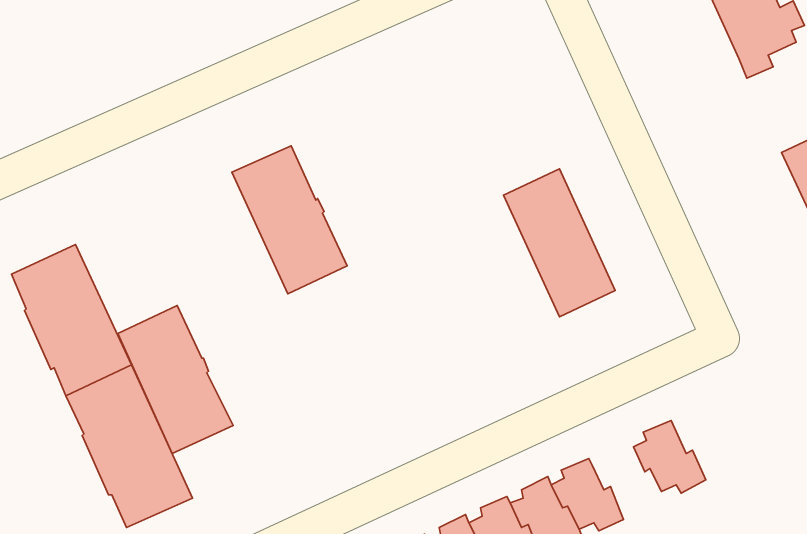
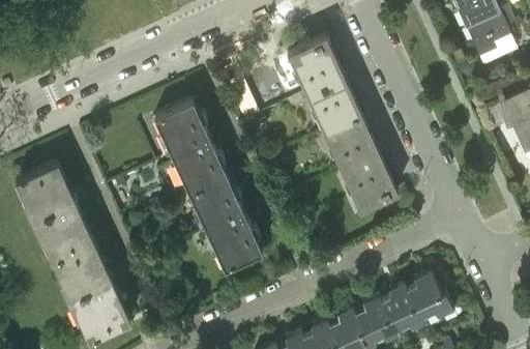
building: none -> [290,39,360,132]
building: [118,305,233,454] -> [189,176,262,269]
building: none -> [381,285,426,330]

